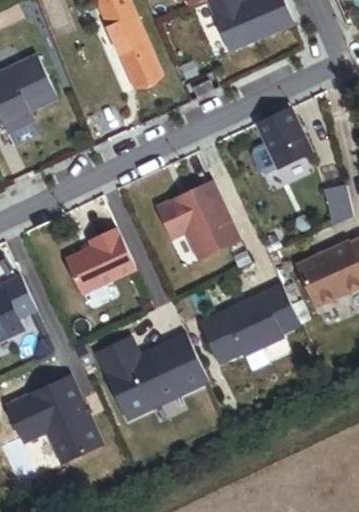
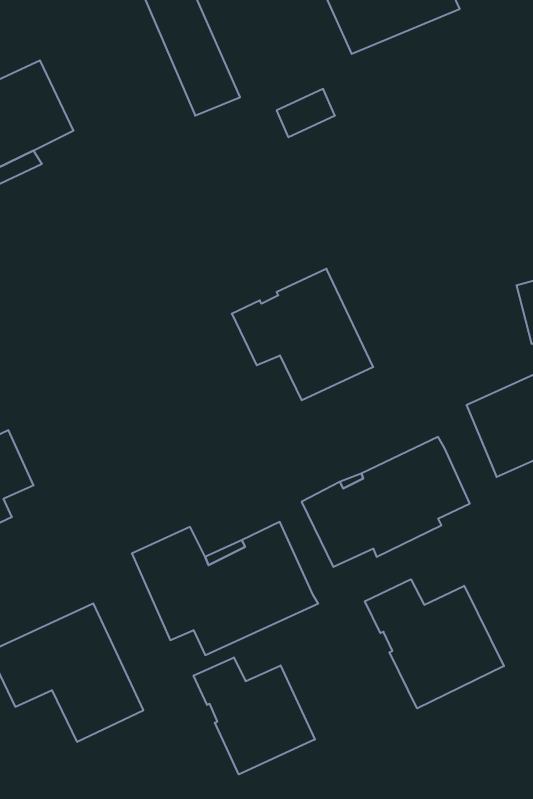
building: [253,108,309,170] -> none
building: [64,226,134,294] -> none
building: none -> [365,579,504,708]
building: none -> [194,657,315,774]

